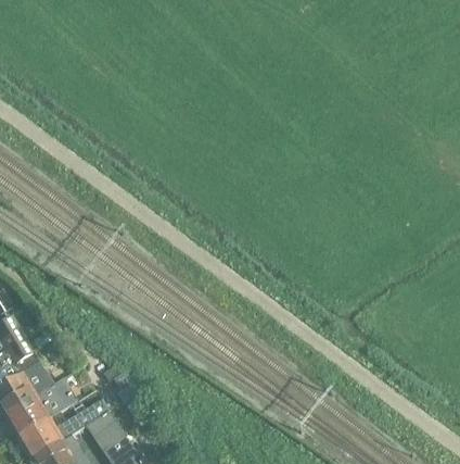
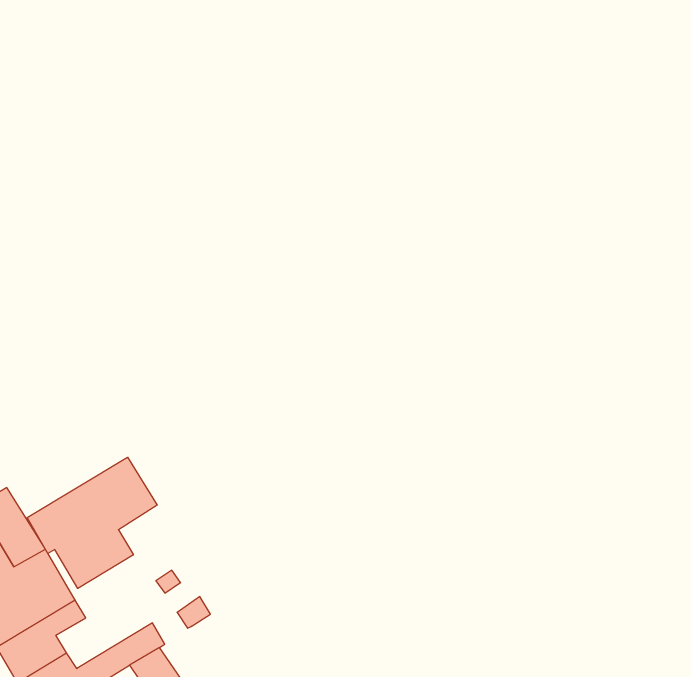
building: none -> [27,457,157,588]

